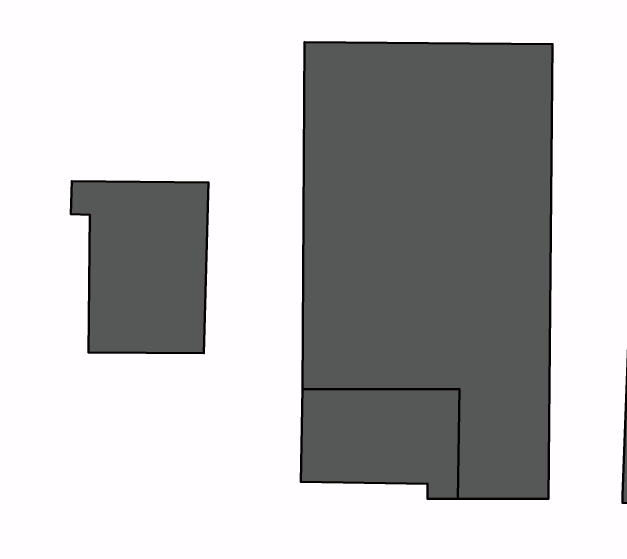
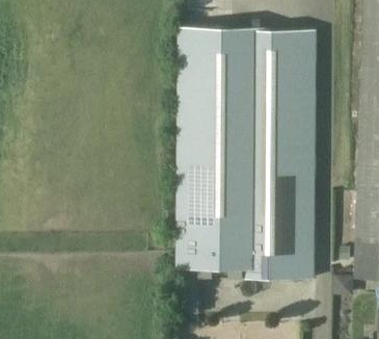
building: [71,181,209,353] -> none

